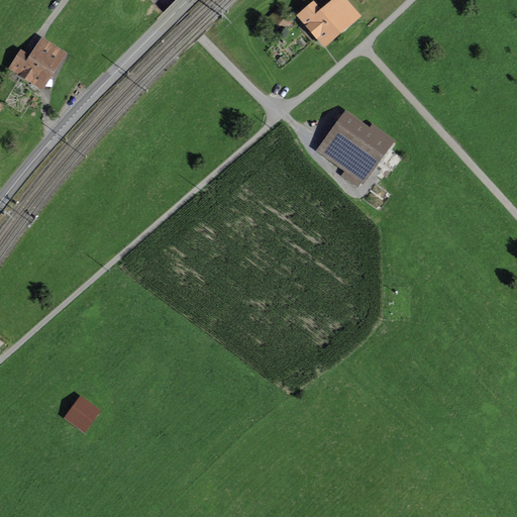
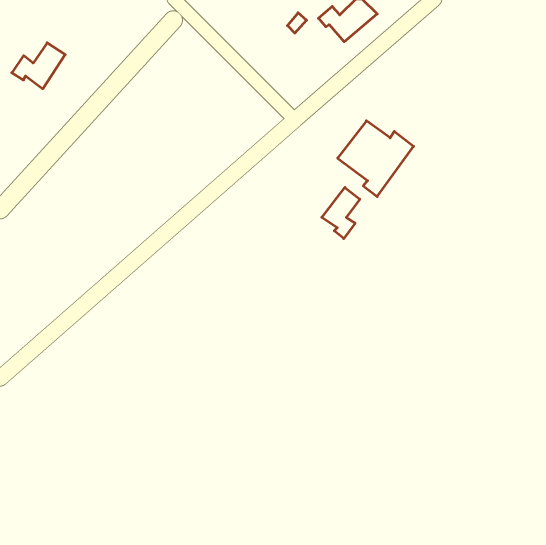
building: none -> [322,187,360,239]
building: [69,399,97,427] -> none

